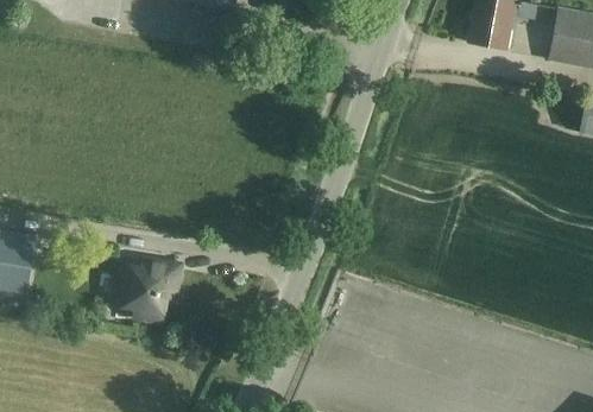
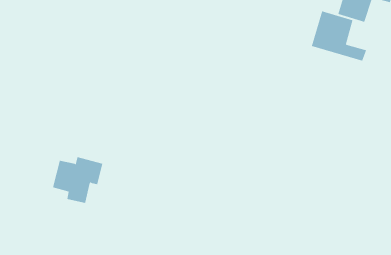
building: none -> [311,11,367,62]

